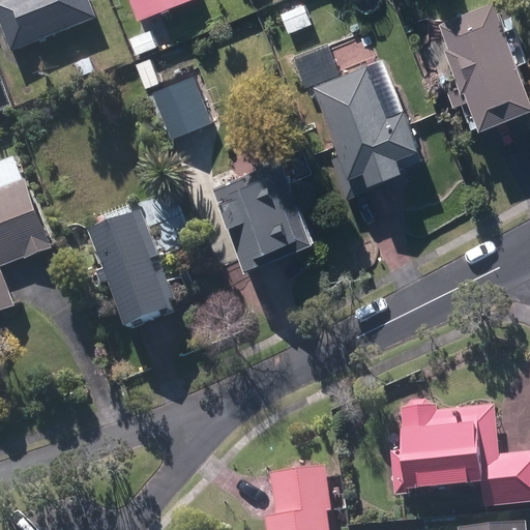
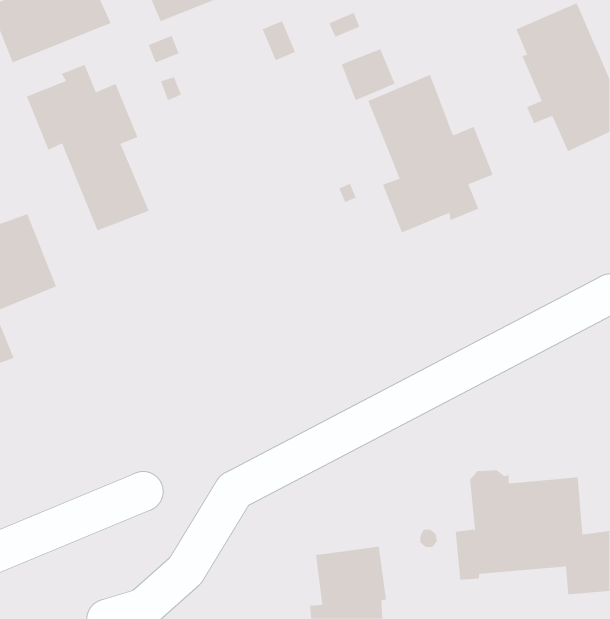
building: none -> [26,64,150,231]
building: [150,75,209,138] -> none
building: [213,158,317,269] -> none
building: [88,204,178,330] -> none

